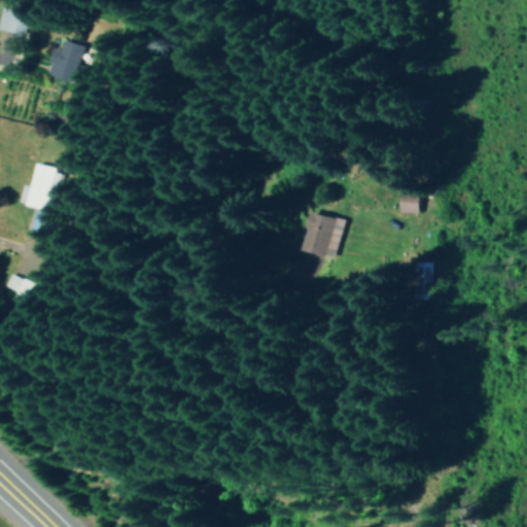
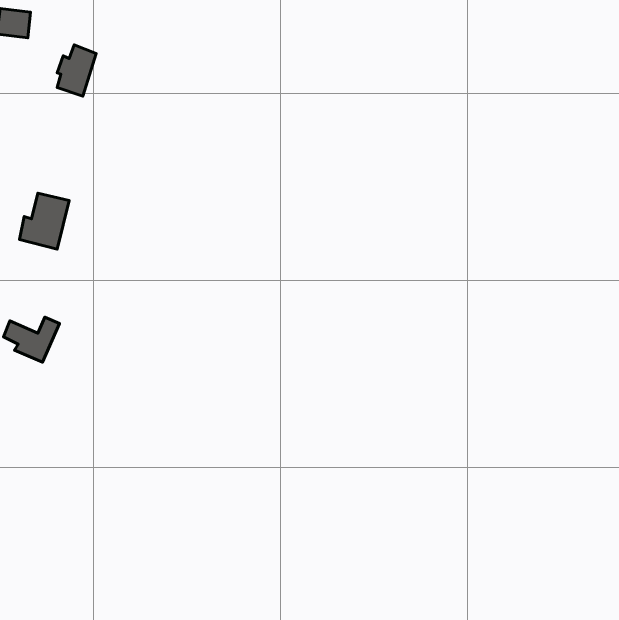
building: [399,192,420,213] -> none
building: [306,213,345,257] -> none

